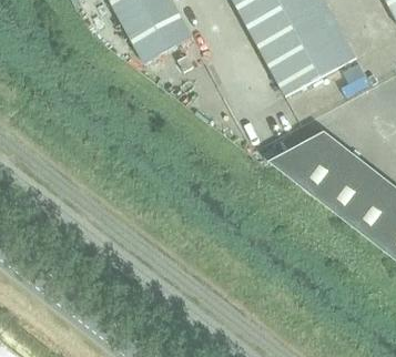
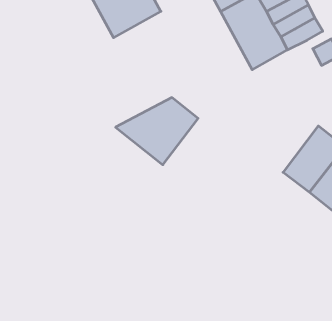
building: [267,130,351,197] -> [116,98,198,165]

